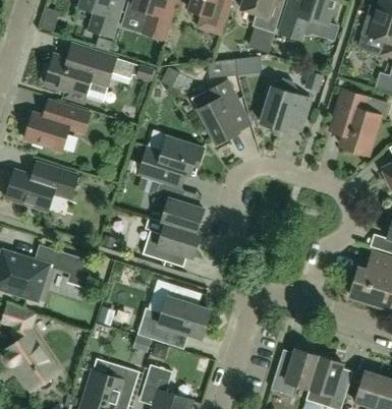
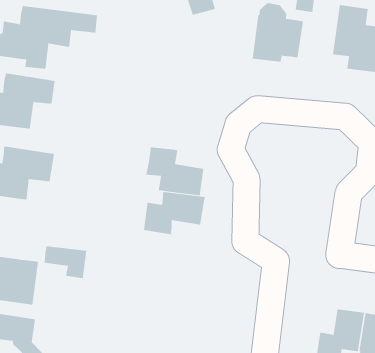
building: [190,81,248,142] -> none
building: [137,137,202,189] -> none
building: [136,284,209,343] -> none

